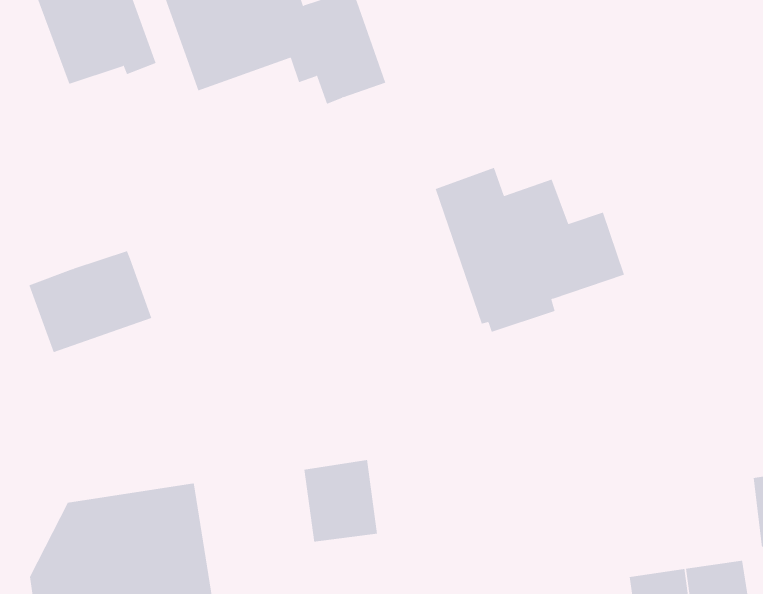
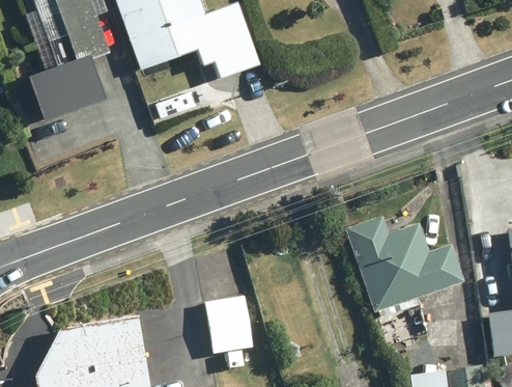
building: [435,167,625,332] -> [345,214,464,317]
building: [28,250,152,353] -> [31,54,109,118]

